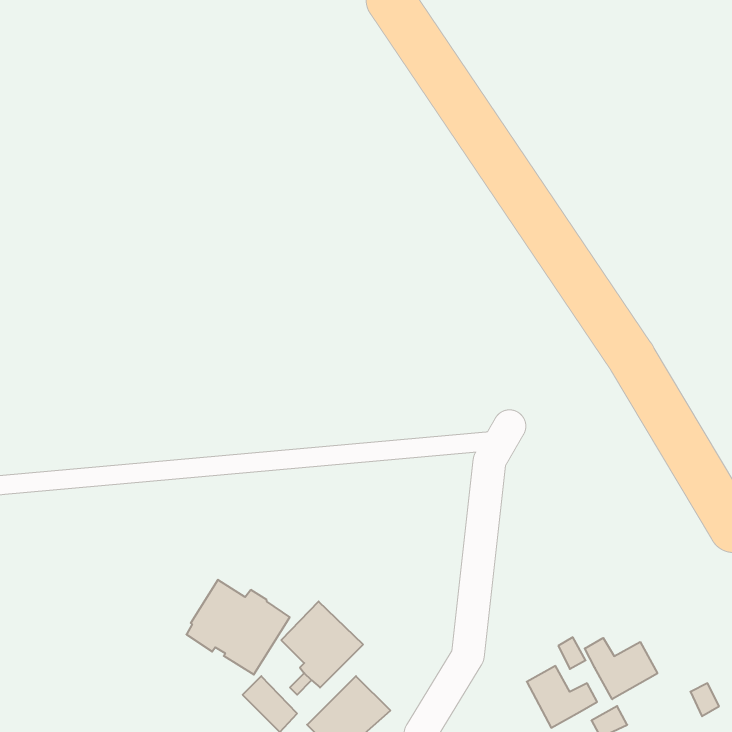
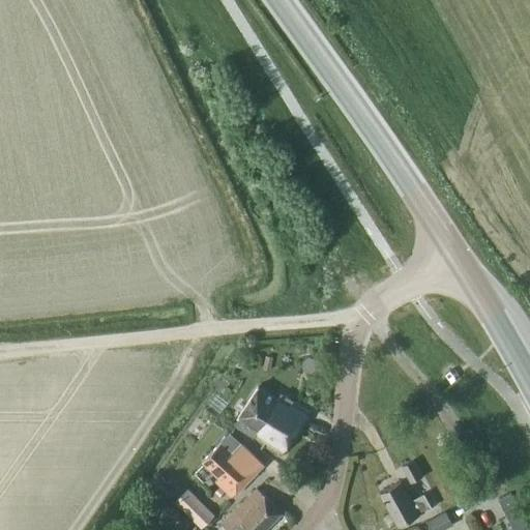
building: [186,580,290,675] -> [236,386,311,454]
building: [585,638,657,699] -> none

